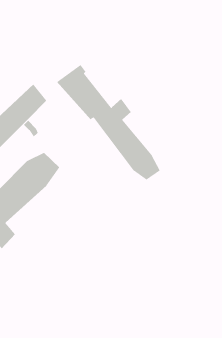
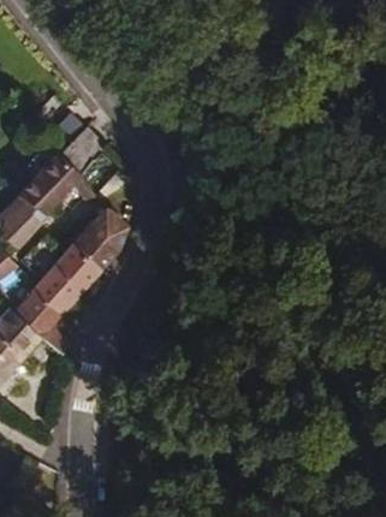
building: [56,64,160,181] -> none

